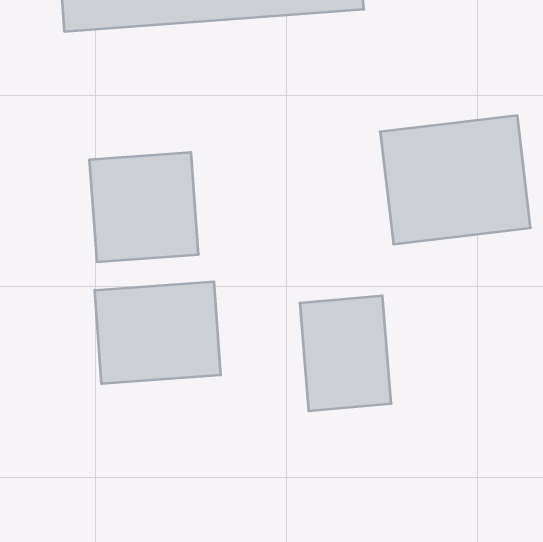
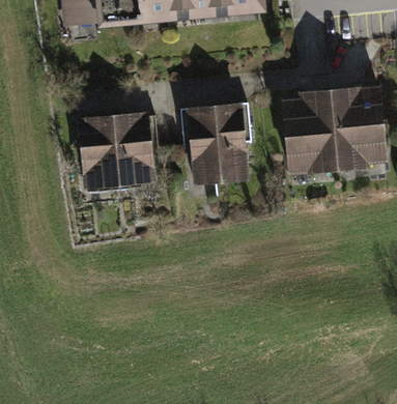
building: [95,282,221,384] -> none
building: [300,296,391,411] -> [186,103,250,183]

